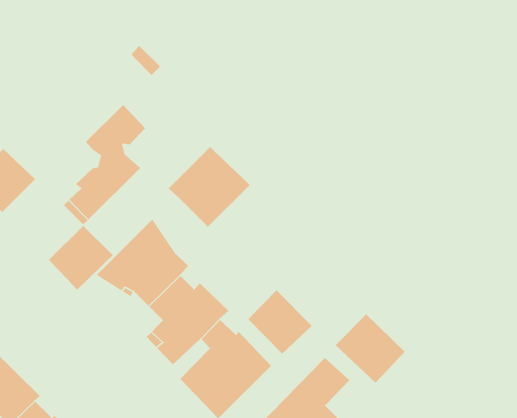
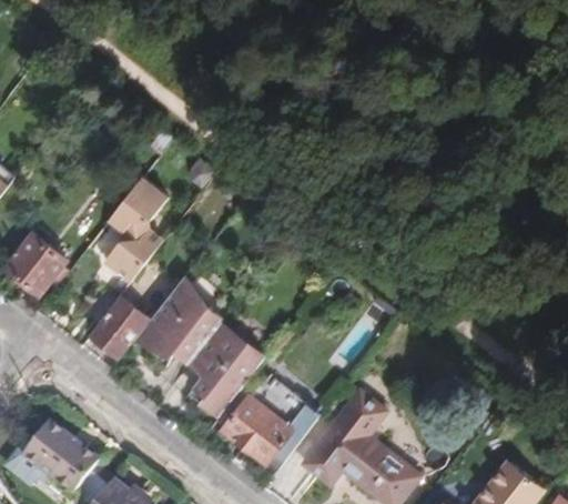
building: [168,146,250,228] -> none
building: [247,289,312,354] -> none
building: [335,313,406,383] -> none

